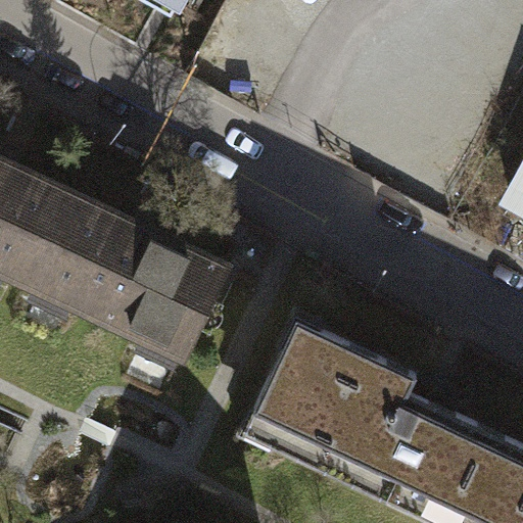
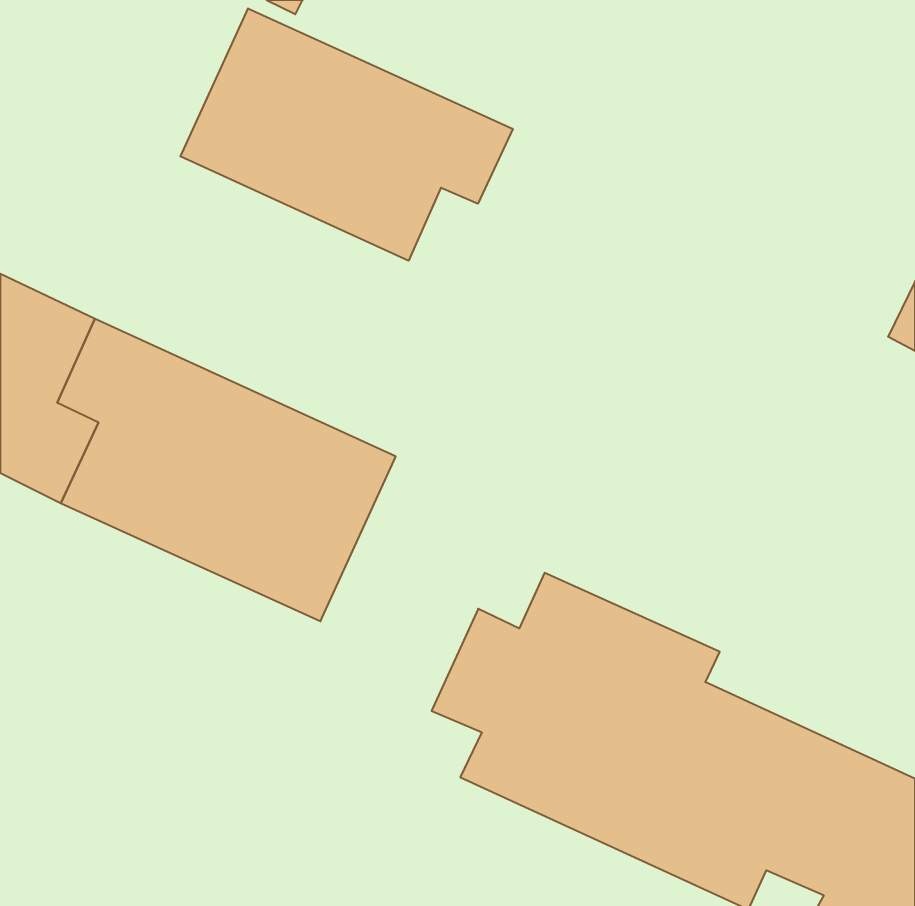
building: none -> [180,8,513,261]

